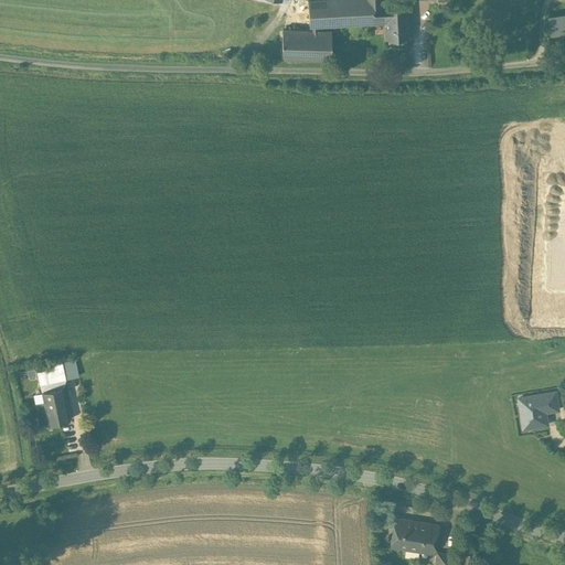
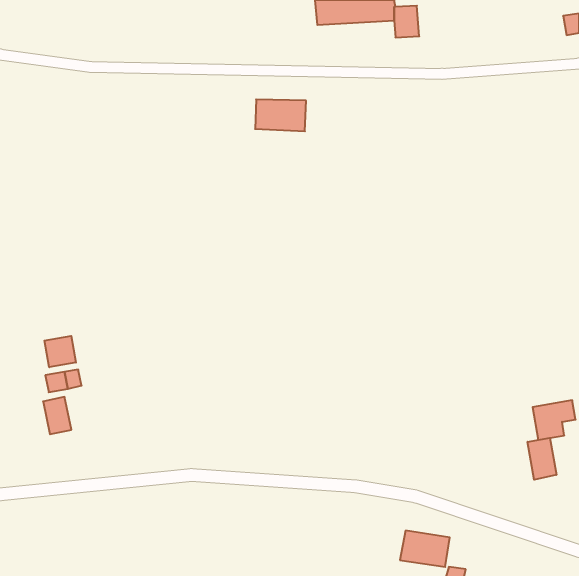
building: [281,32,331,63] -> [255,99,306,131]
building: none -> [44,336,76,367]
building: none -> [528,438,556,480]

